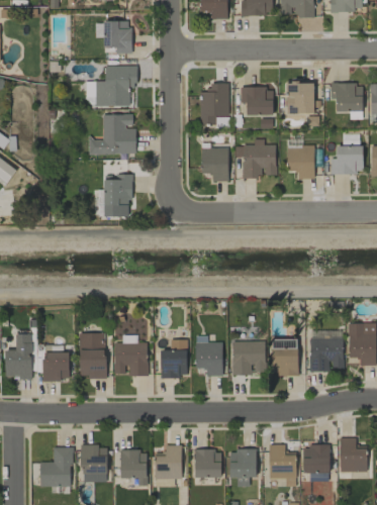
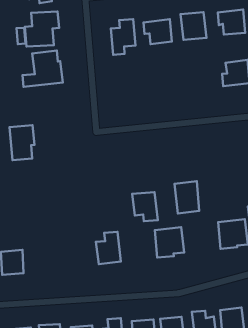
building: [234,138,277,178] -> none
building: [201,146,228,181] -> none
building: [287,146,314,179] -> none
building: [104,176,132,216] -> [10,125,34,160]
building: [79,332,106,377] -> none
building: [113,334,148,376] -> none
building: [271,338,298,376] -> [174,181,199,214]
building: [195,341,223,376] -> [132,192,158,221]

